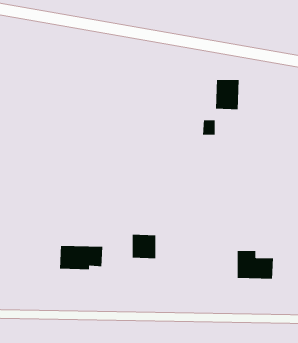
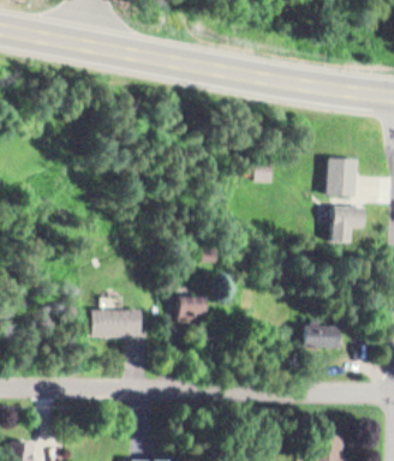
building: [215,79,240,110] -> [327,158,356,194]
building: none -> [332,205,364,241]

